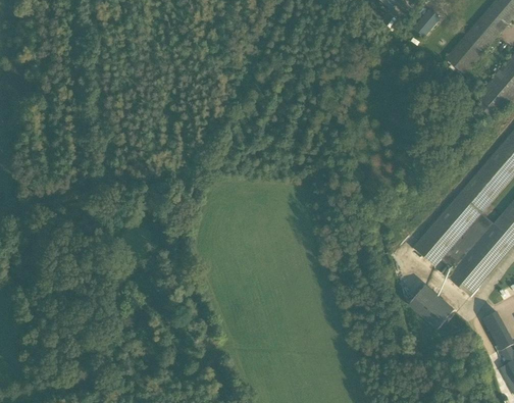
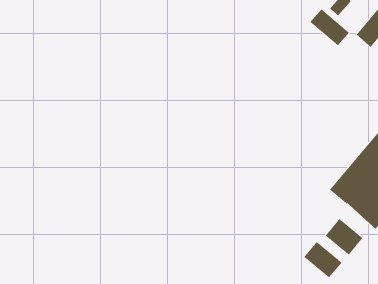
building: none -> [309,9,350,46]
building: none -> [303,241,342,278]

